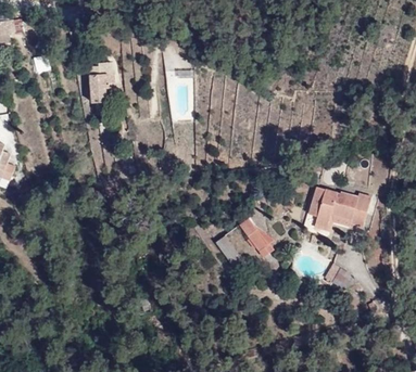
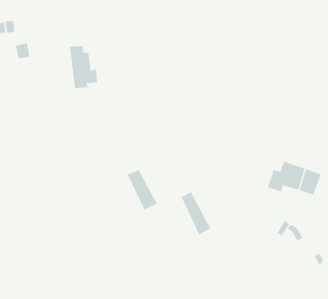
building: [303,191,326,220] -> none
building: [243,216,278,262] -> [127,170,157,211]

